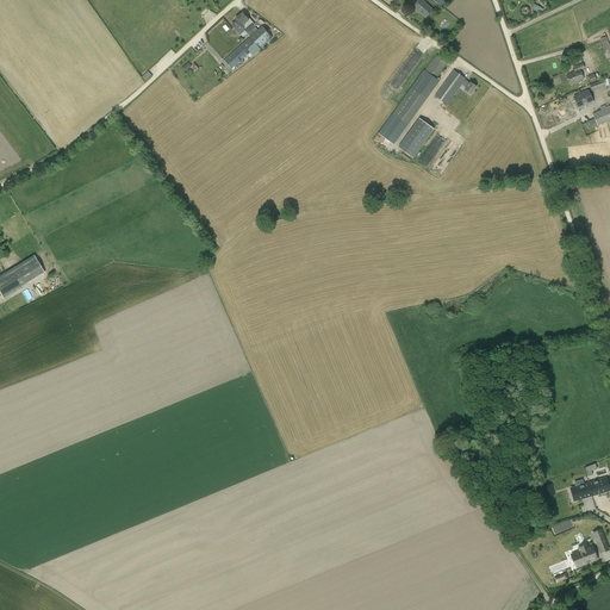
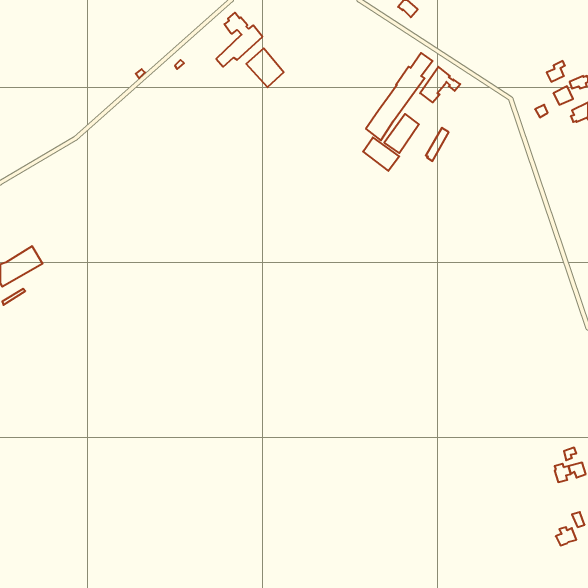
building: none -> [246,48,284,87]
building: none -> [363,137,399,171]

